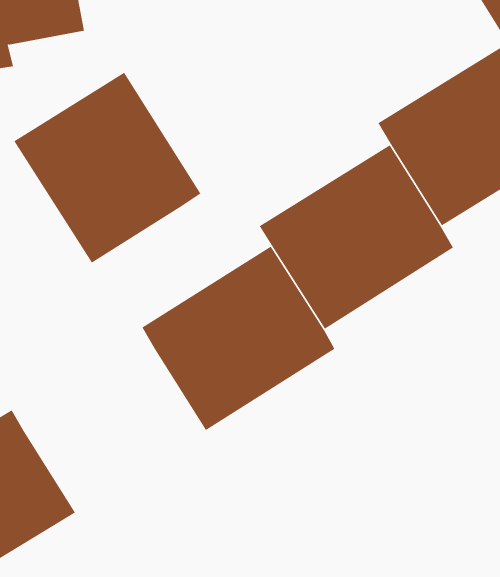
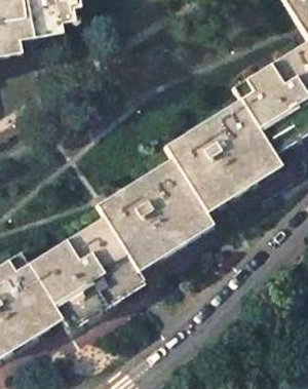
building: [14,72,201,264] -> none
building: none -> [30,219,142,323]

